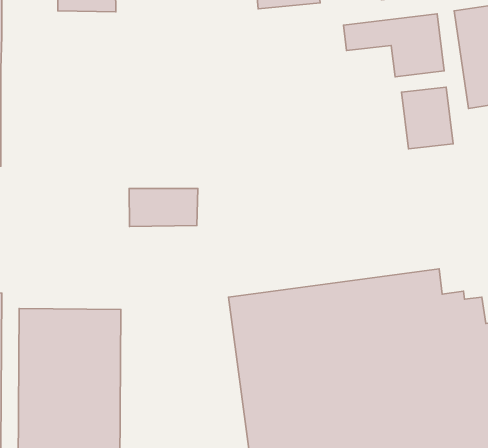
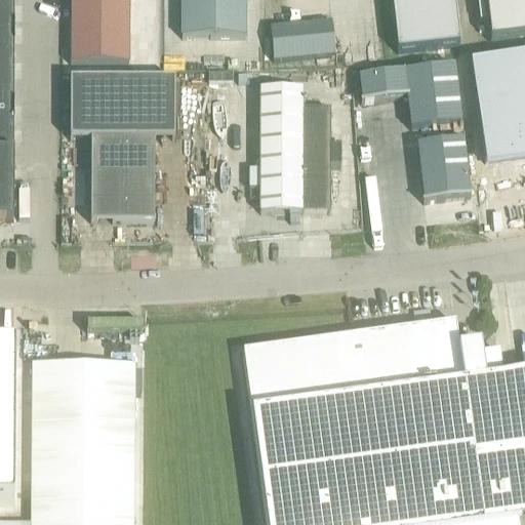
building: none -> [70,74,174,216]
building: none -> [259,84,341,207]
building: [129,188,198,227] -> none

